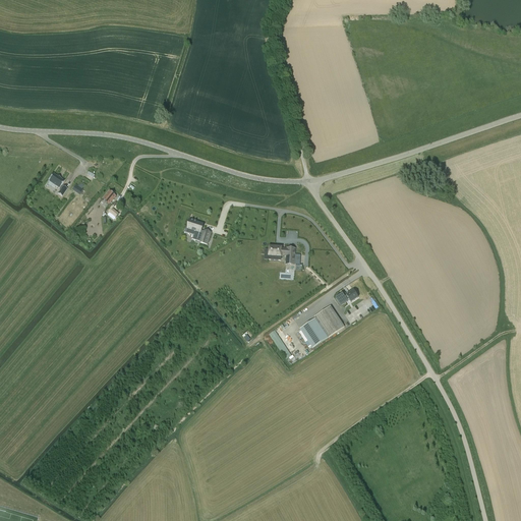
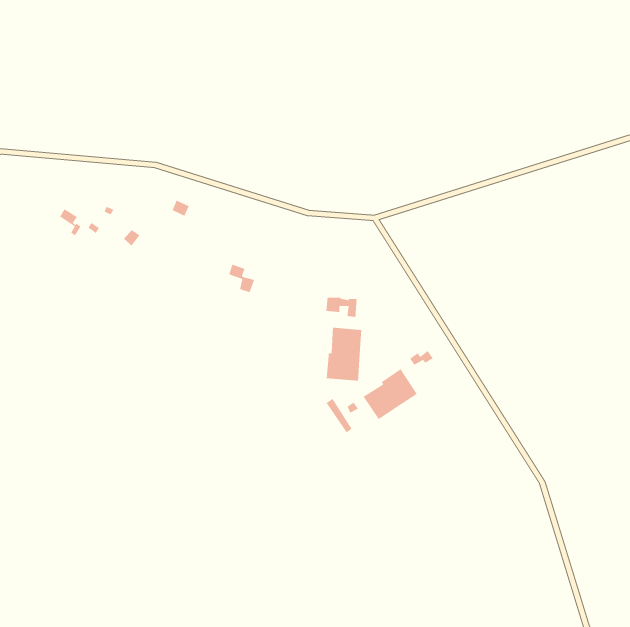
building: none -> [326,327,362,381]

